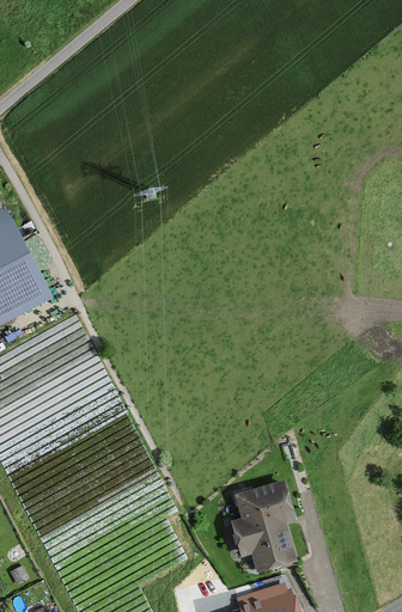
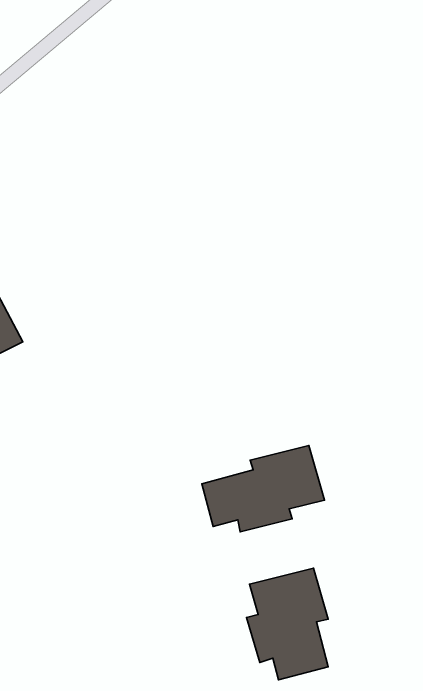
building: none -> [202,445,324,532]

